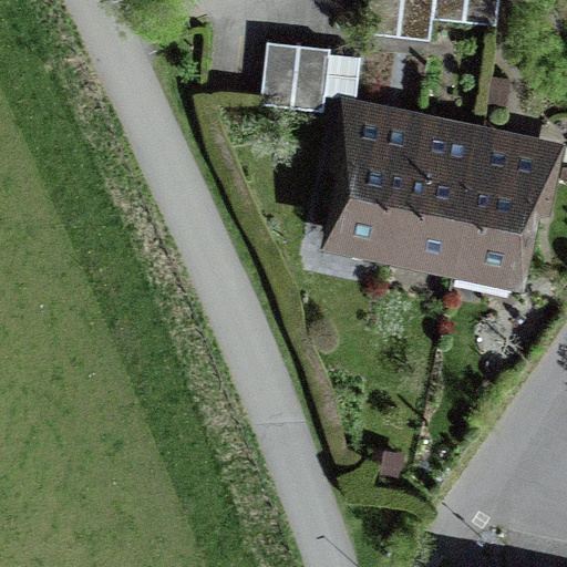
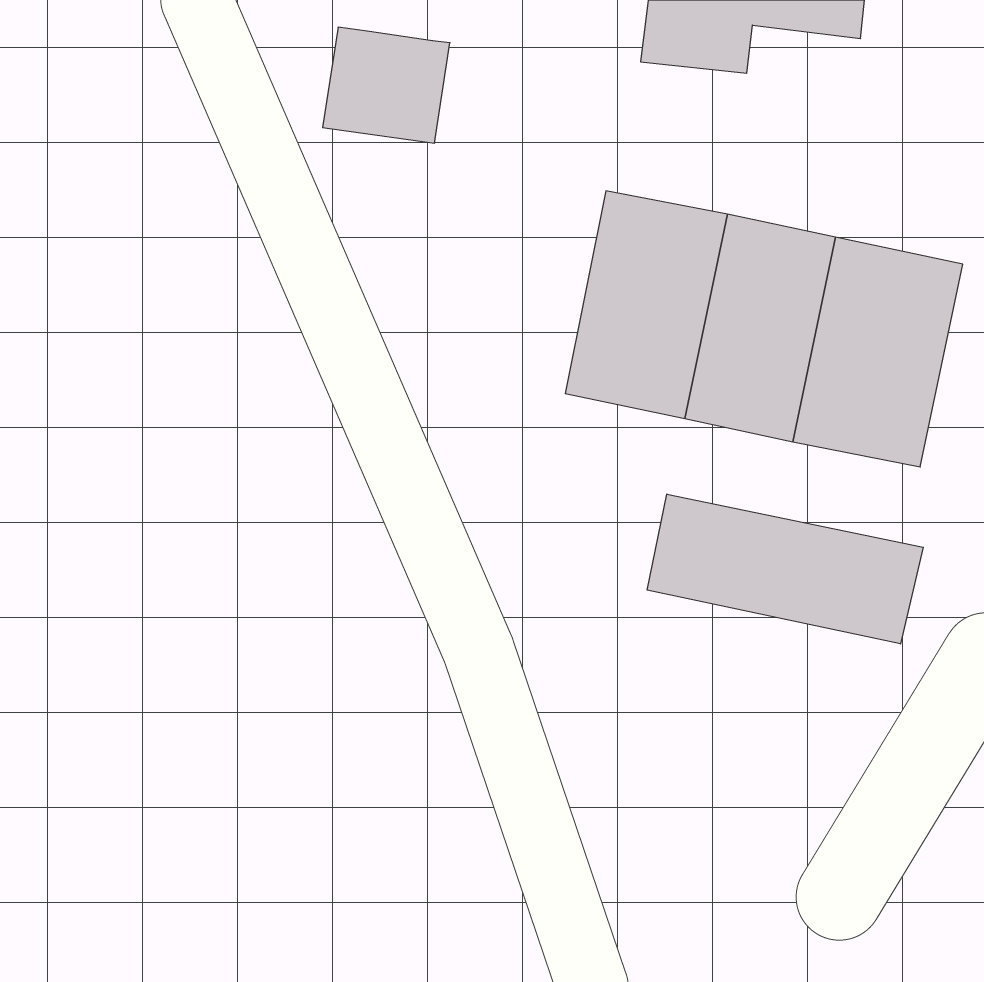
building: [260,39,333,105] -> [323,27,450,143]
building: none -> [647,494,923,644]

